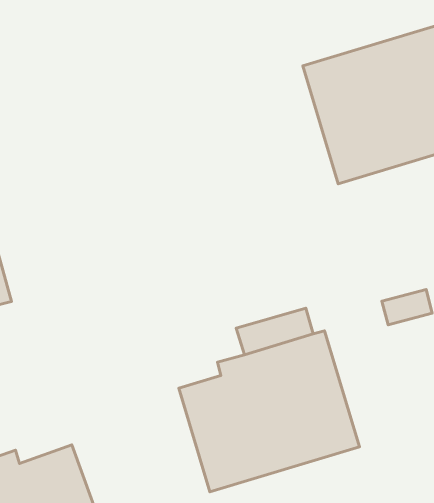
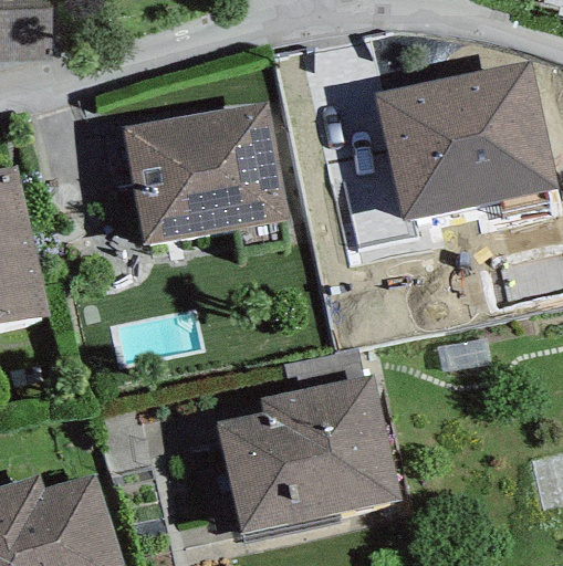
building: none -> [122,103,289,244]

